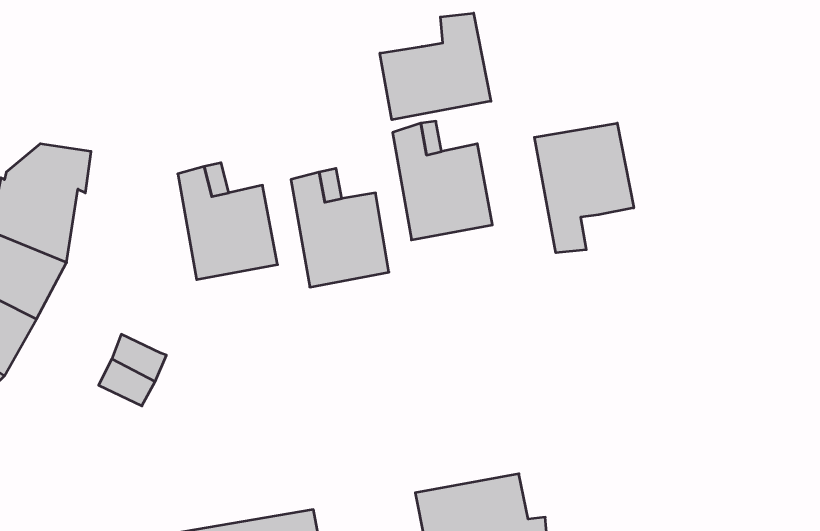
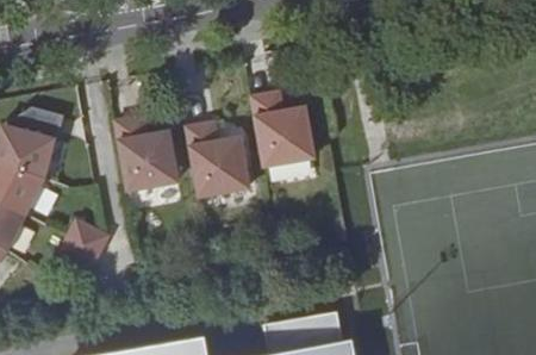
building: [380,13,491,120] -> none
building: [534,123,634,253] -> none

